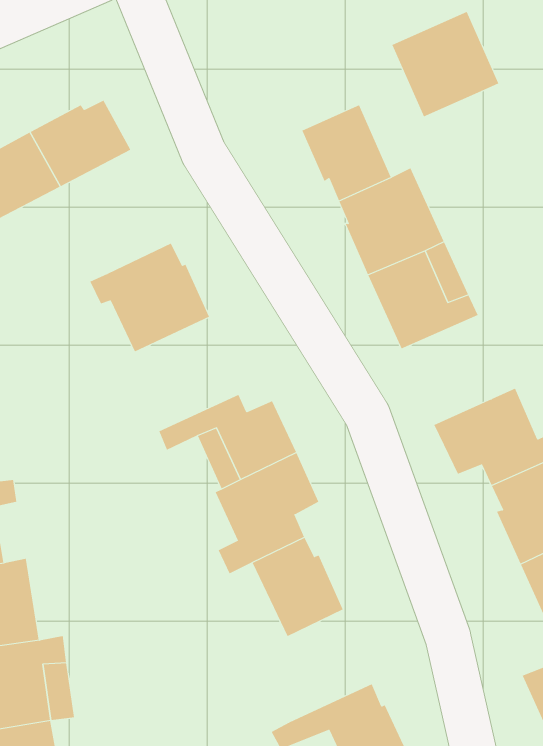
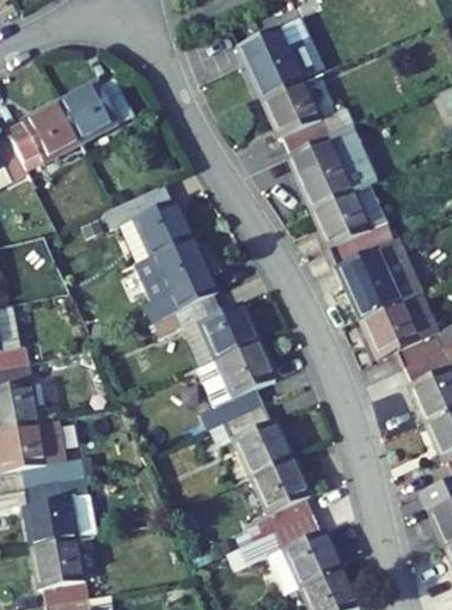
building: [391,11,499,117] -> [238,20,318,99]
building: none -> [336,237,403,318]
building: none -> [135,238,218,325]
building: none -> [245,456,314,539]

